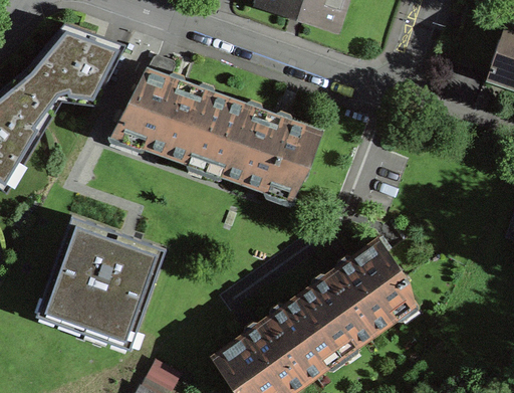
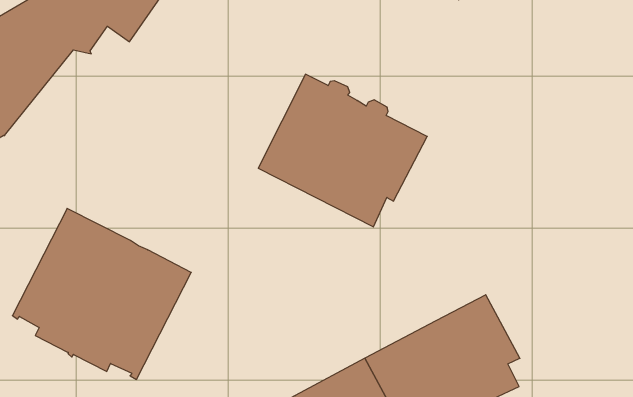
building: [118,70,229,171] -> none

